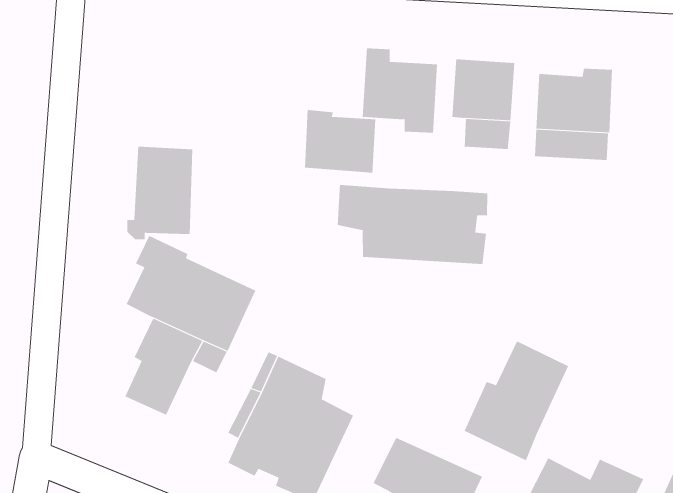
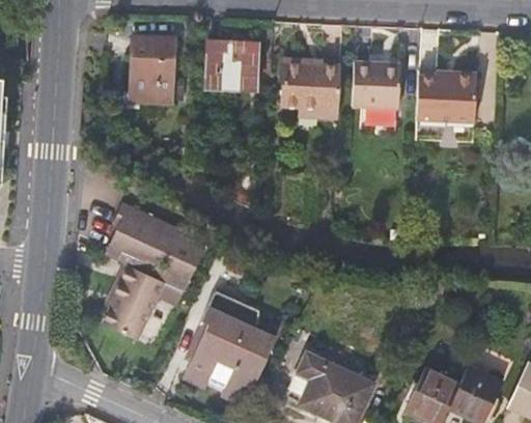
building: [304,110,376,173] -> [205,40,260,89]
building: [127,146,193,240] -> [124,35,175,107]
building: [337,184,488,265] -> none
building: [464,340,569,461] -> none

